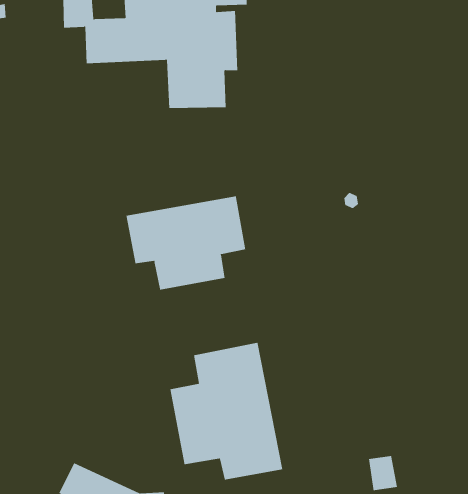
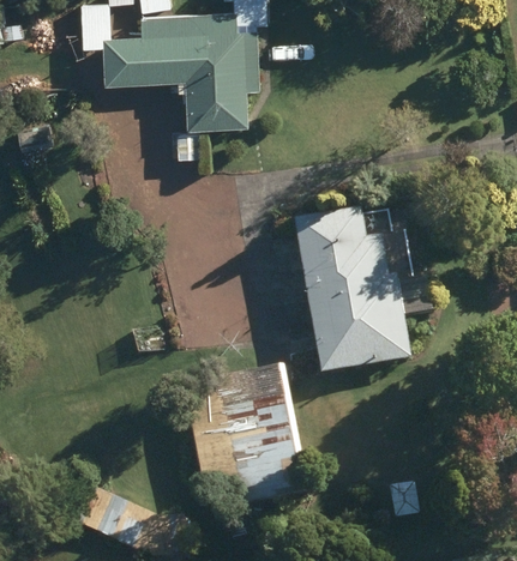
building: none -> [294,210,433,376]
building: [126,196,246,291] -> none

